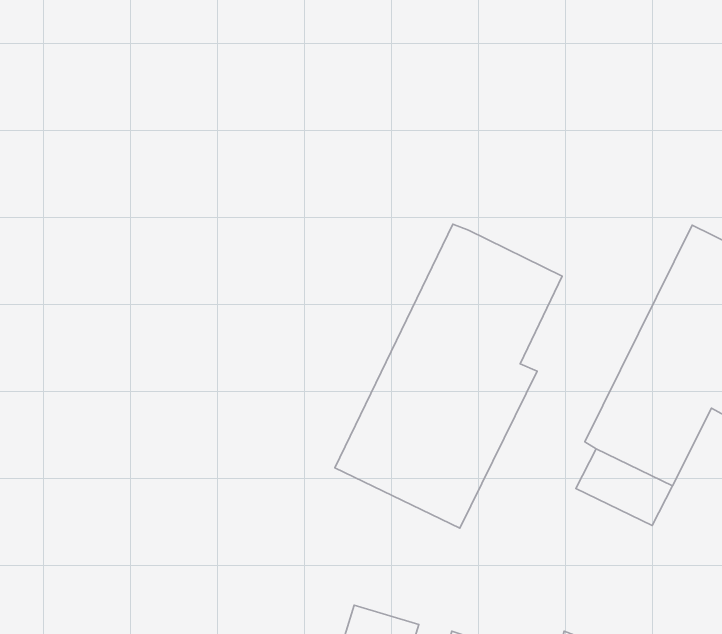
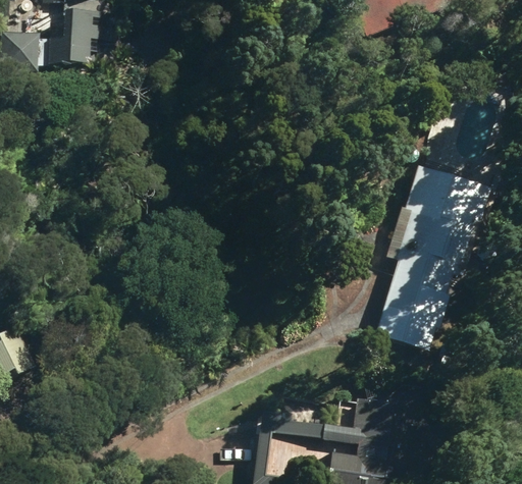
building: [335,224,562,528] -> none

